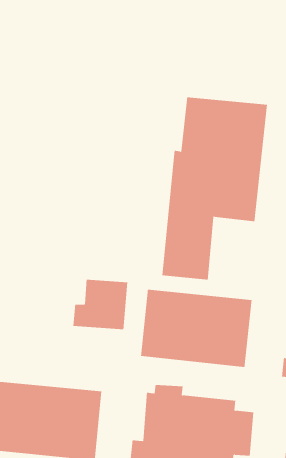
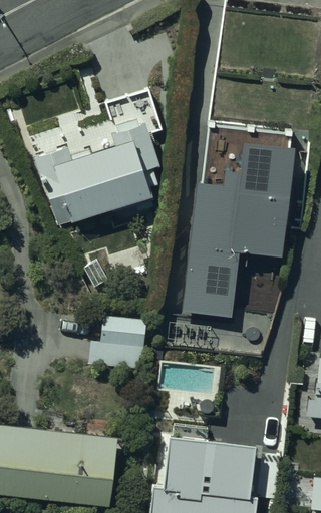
building: none -> [36,123,159,226]
building: [141,289,252,368] -> none

